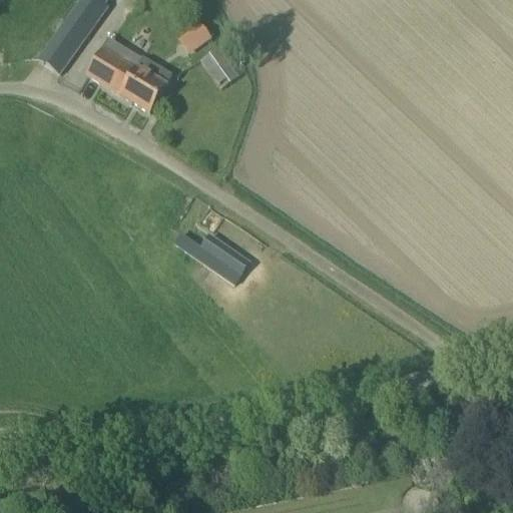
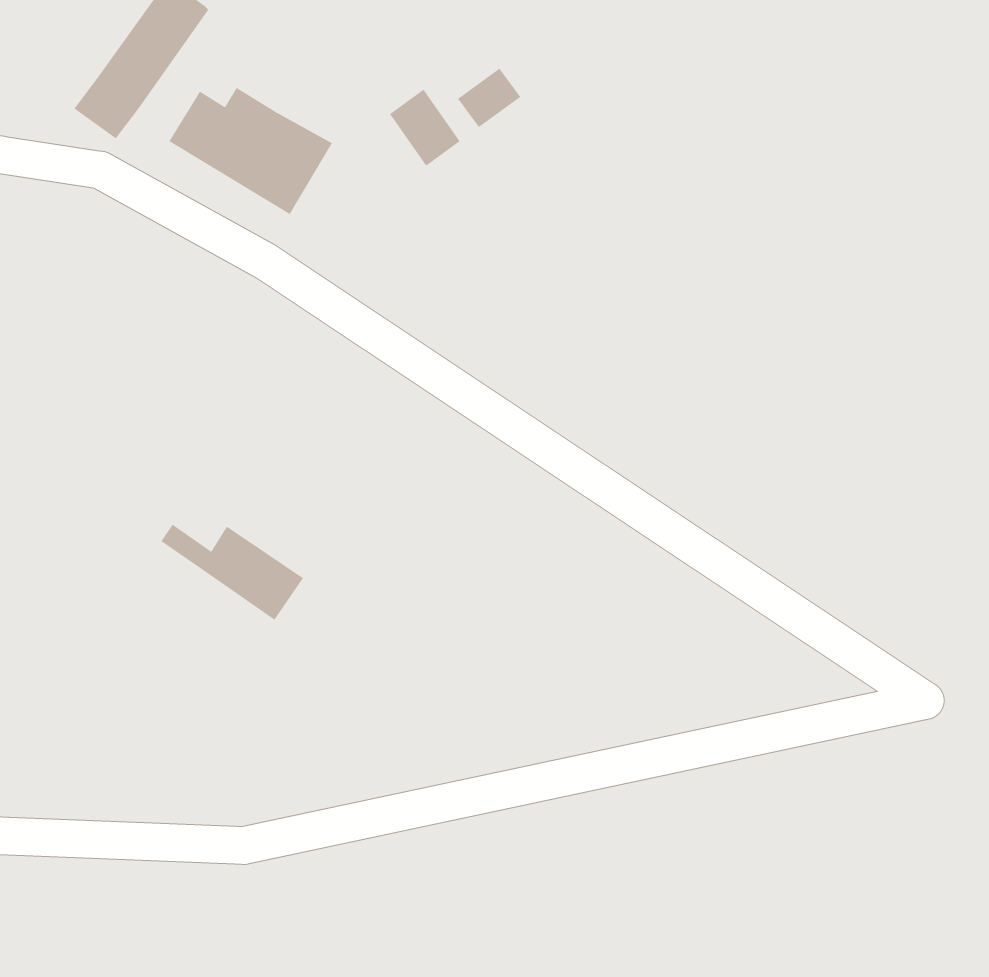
building: [179,21,212,52] -> [457,68,521,128]
building: [175,232,249,283] -> [161,524,304,621]

